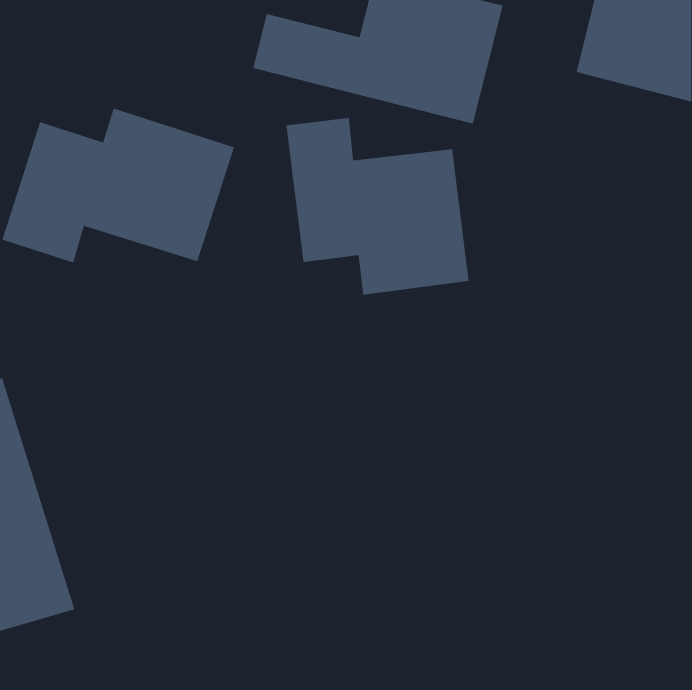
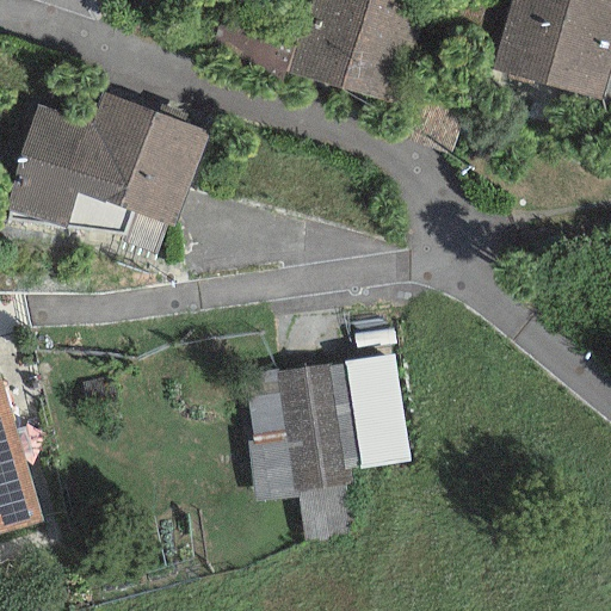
building: [286,117,469,295] -> none
building: none -> [229,348,409,535]

